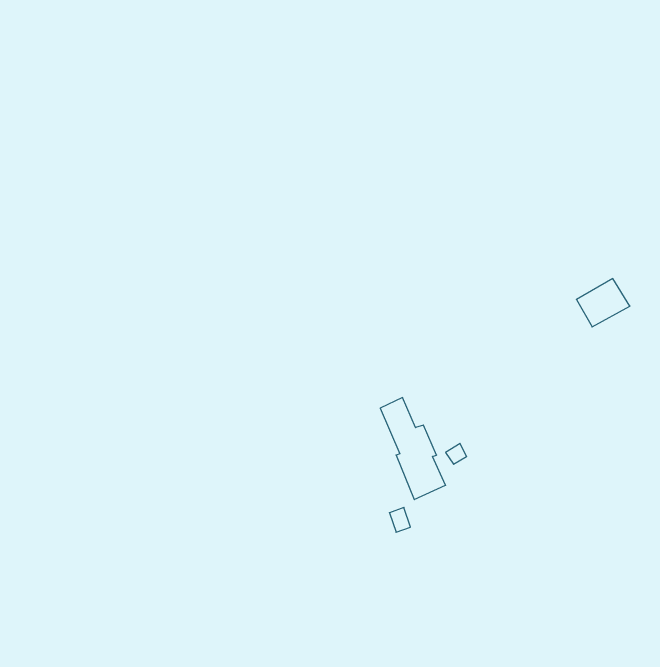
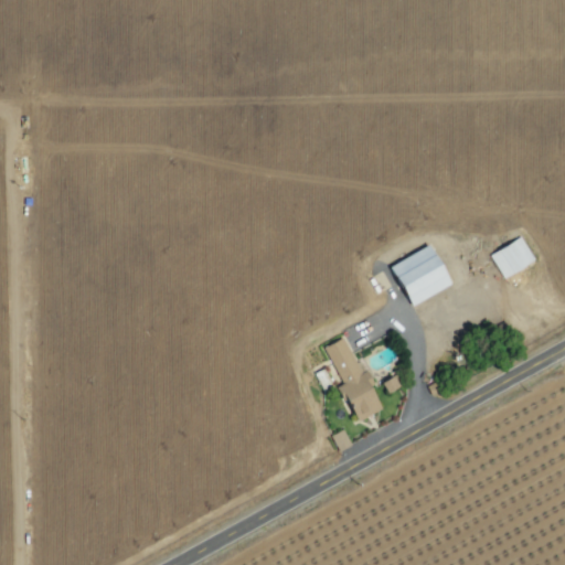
building: none -> [390,244,451,307]

